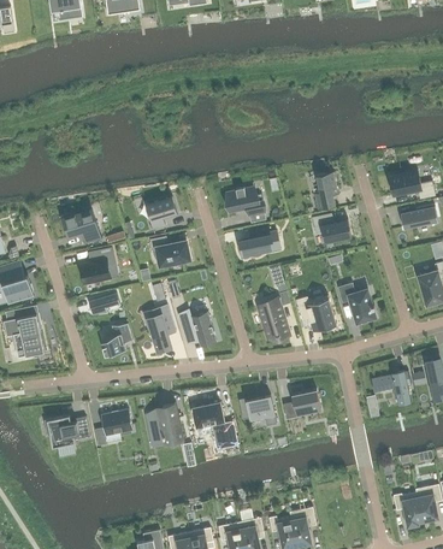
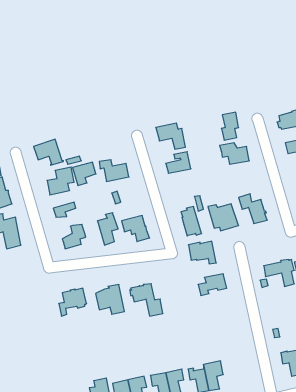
building: [146,197,177,229] -> [73,162,96,186]
building: [238,395,276,425] -> [188,241,216,264]
building: [43,415,89,447] -> none

